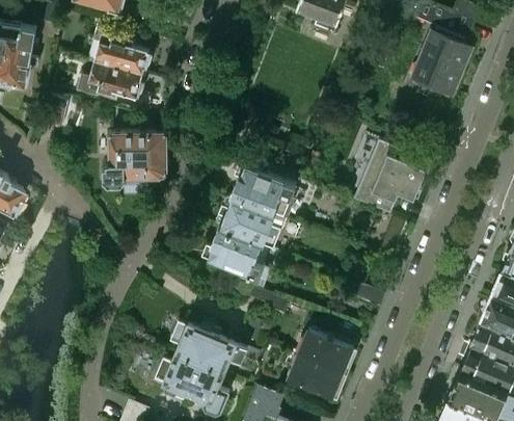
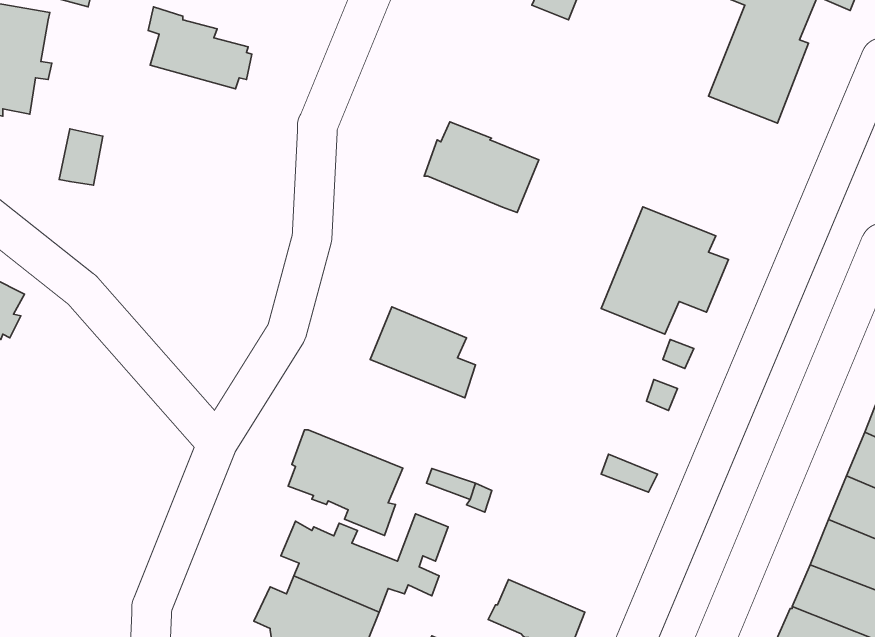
building: [74,60,145,99] -> none
building: [104,122,167,194] -> none
building: [231,167,296,219] -> [424,122,539,213]
building: [209,229,274,289] -> [288,430,403,535]
building: [299,330,353,373] -> none

